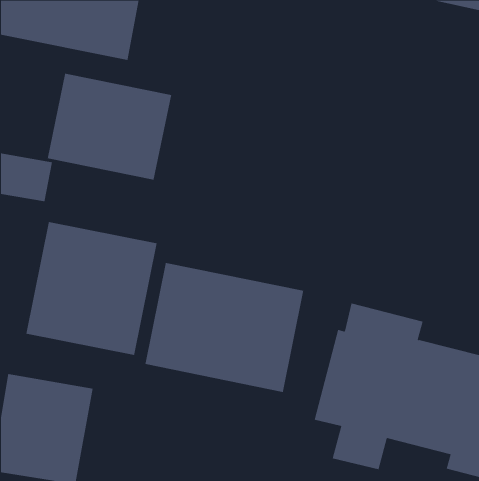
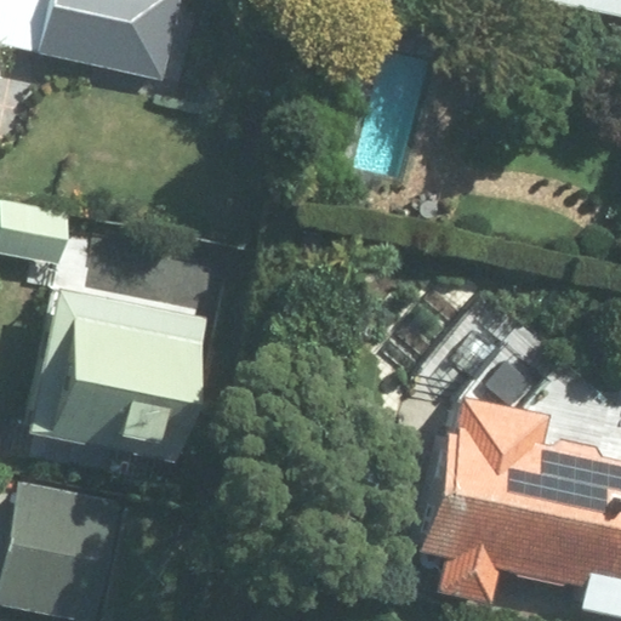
building: [47,73,172,181] -> none
building: [145,262,304,393] -> none

